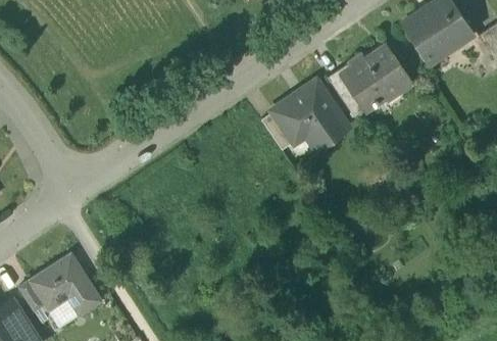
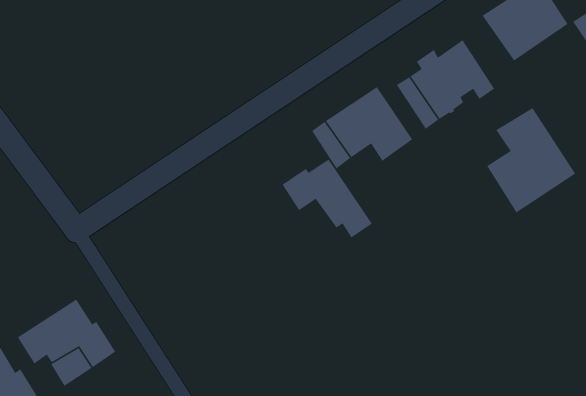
building: none -> [486,107,576,213]
building: none -> [281,159,373,239]

